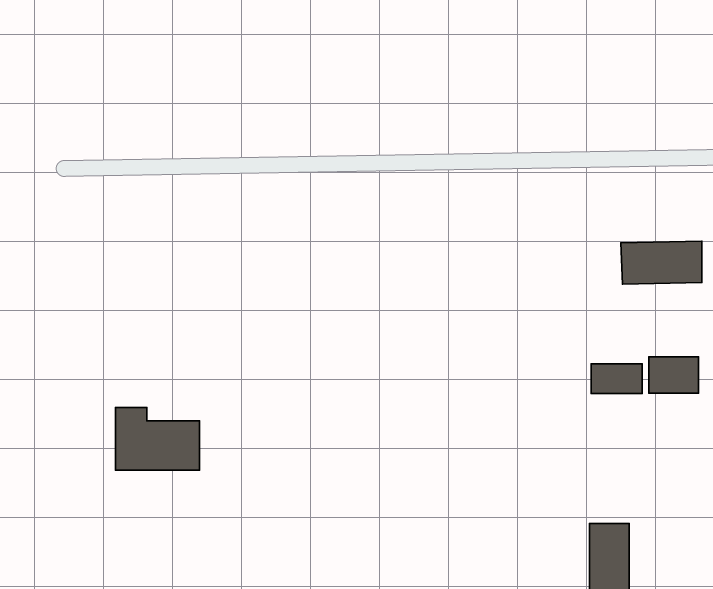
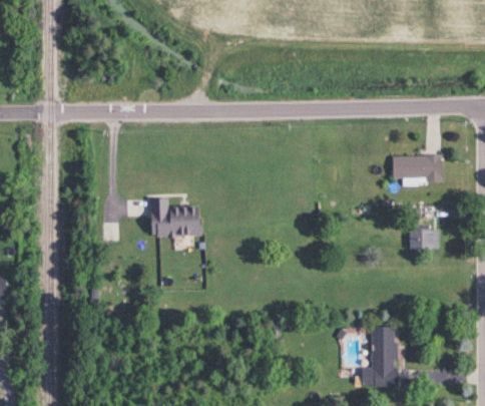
building: [591,364,642,393] -> none
building: [115,408,200,470] -> [149,198,200,237]

